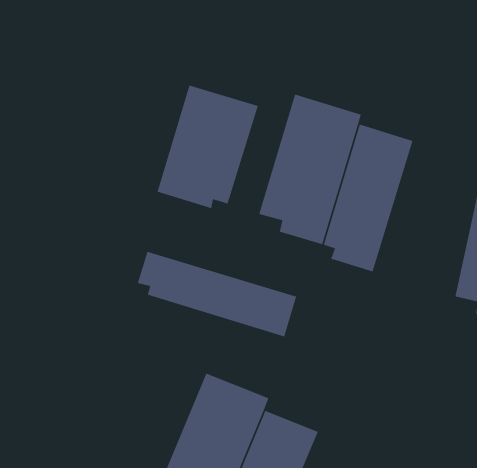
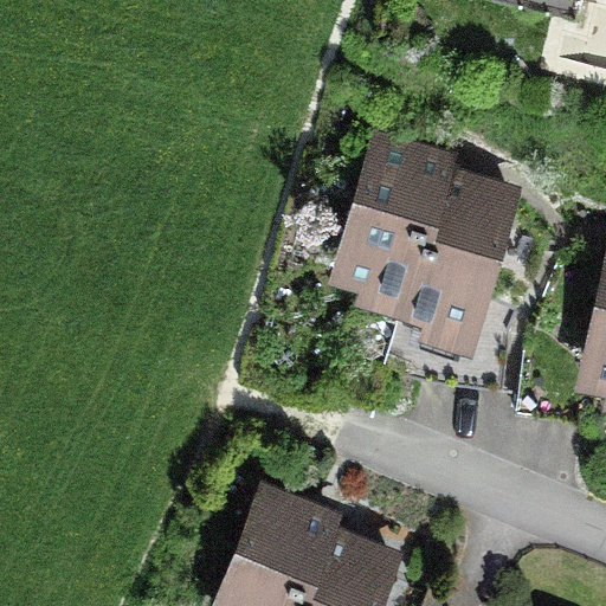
building: [156,85,259,209] -> none
building: [137,251,297,338] -> none

